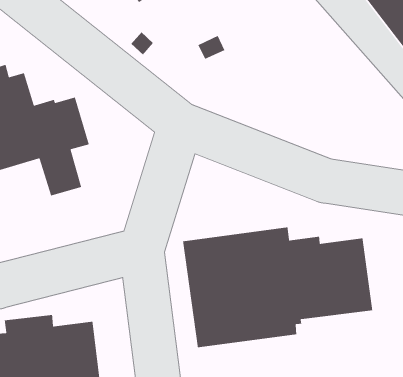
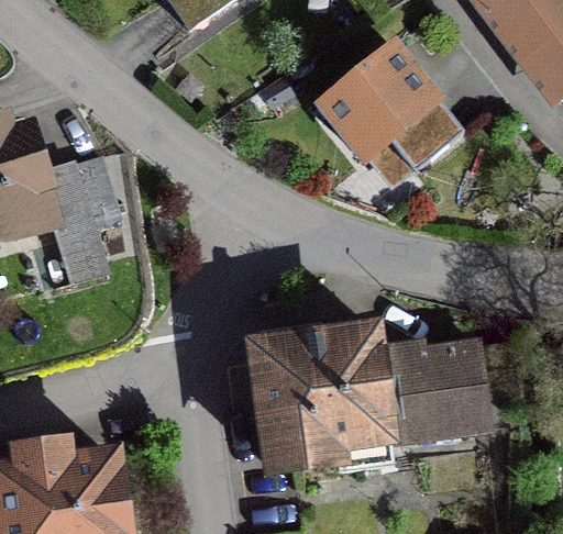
building: none -> [312,35,463,187]

